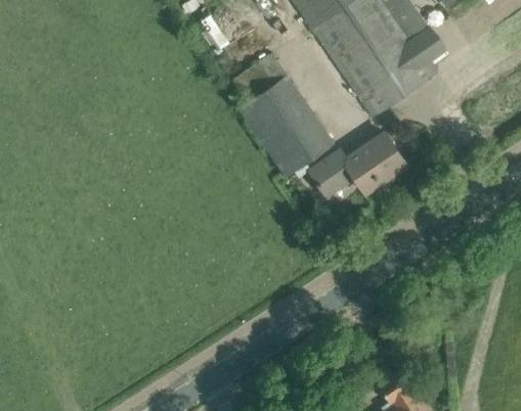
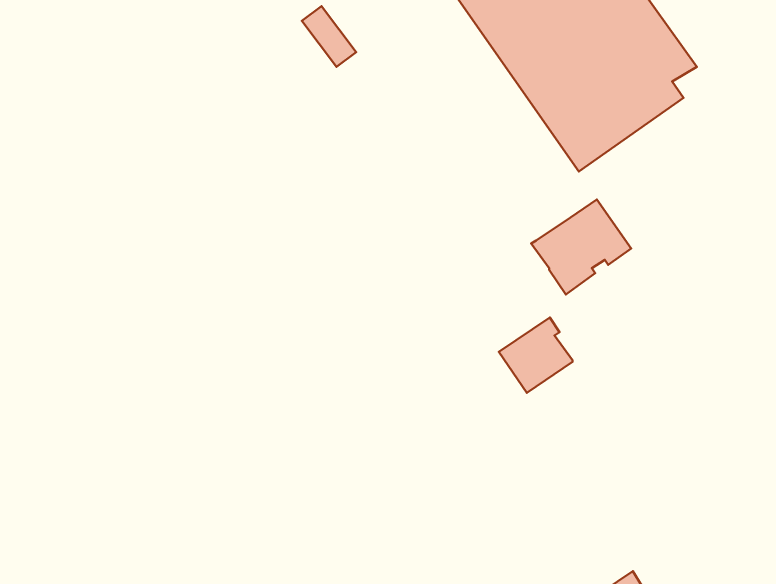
building: [231,52,334,176] -> none
building: [308,149,354,196] -> [499,317,573,393]

